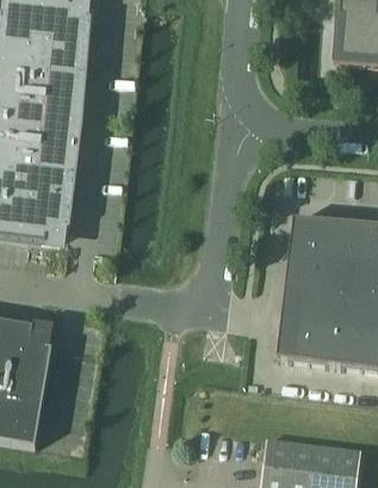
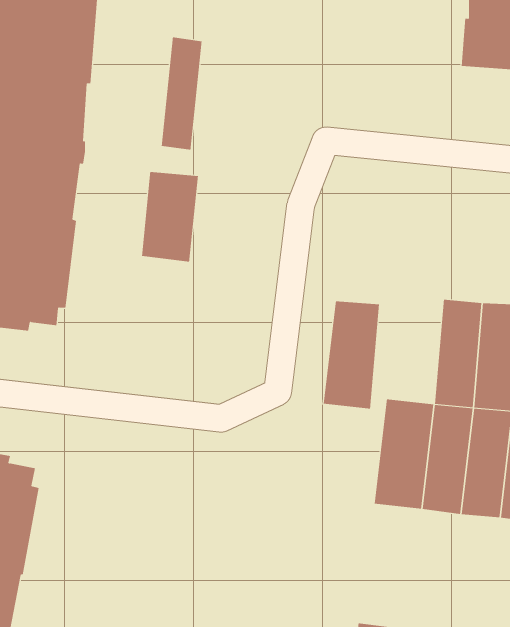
building: none -> [161,37,202,151]
building: none -> [141,171,199,262]
building: [286,216,324,289] -> [323,301,380,409]

